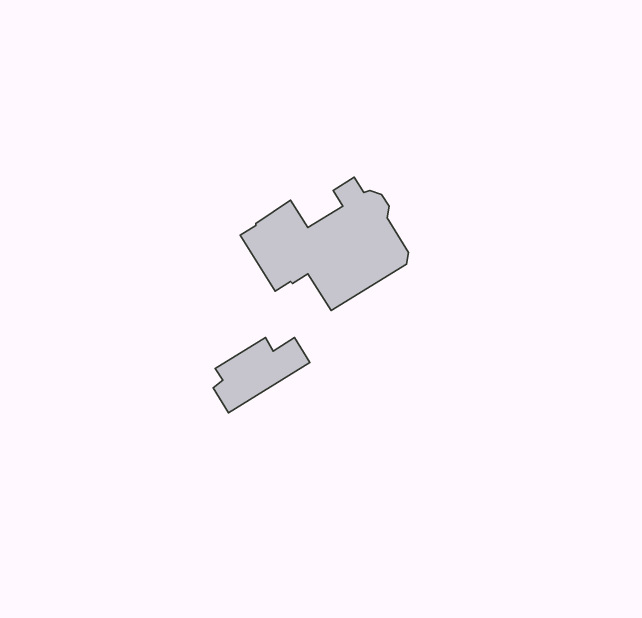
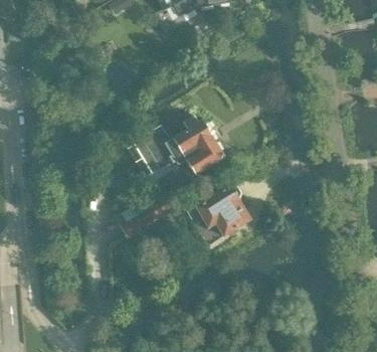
building: none -> [189,186,250,246]

